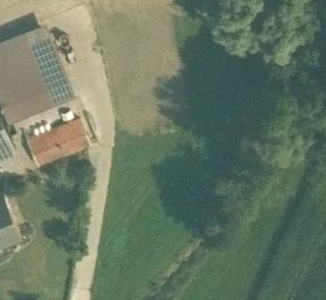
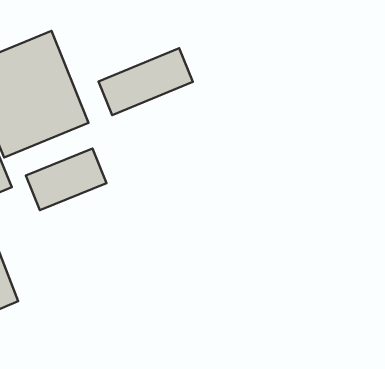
building: none -> [98,48,193,115]

